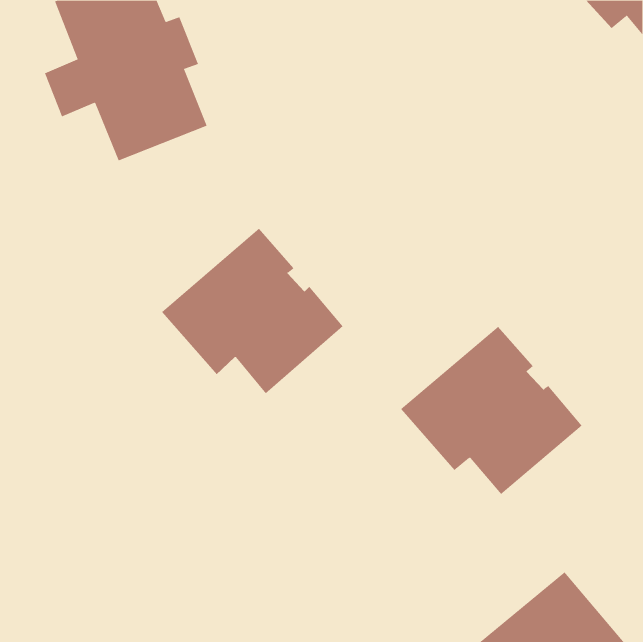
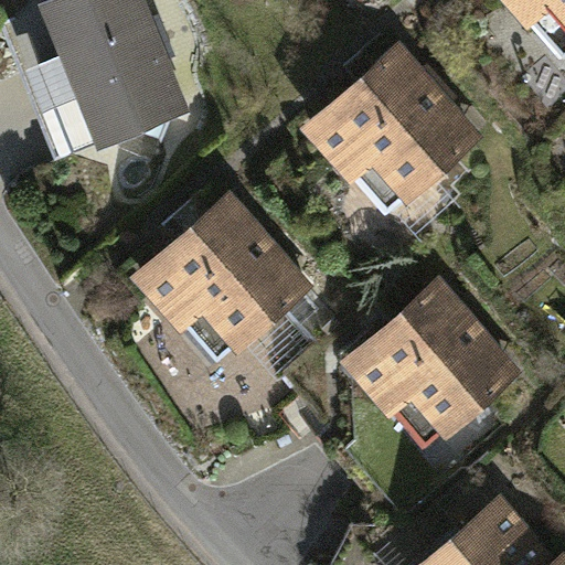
building: none -> [311,53,472,201]

